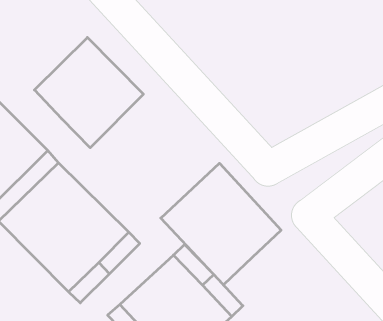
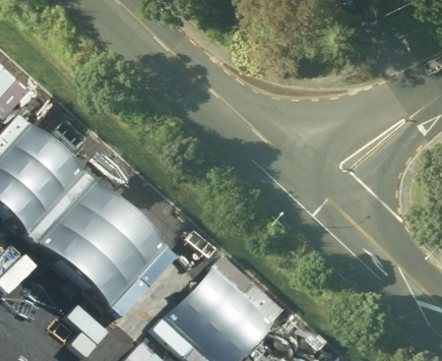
building: [34,37,143,148] -> none
building: [161,163,281,285] -> none

